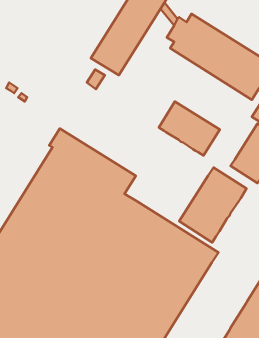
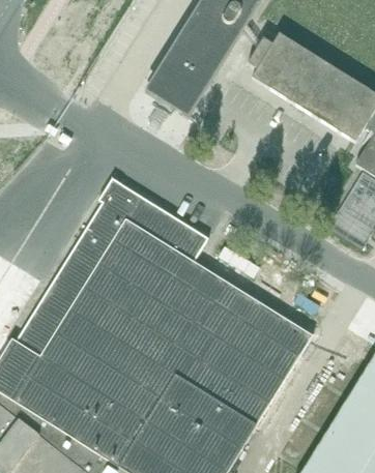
building: [159,101,220,155] -> none
building: [179,167,247,242] -> none

